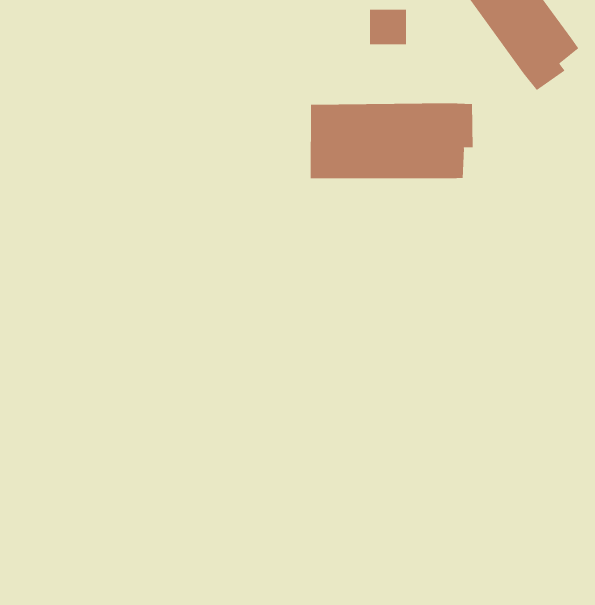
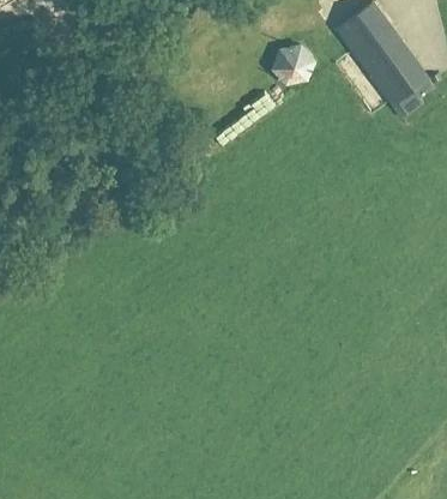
building: [310,102,473,179] -> none

